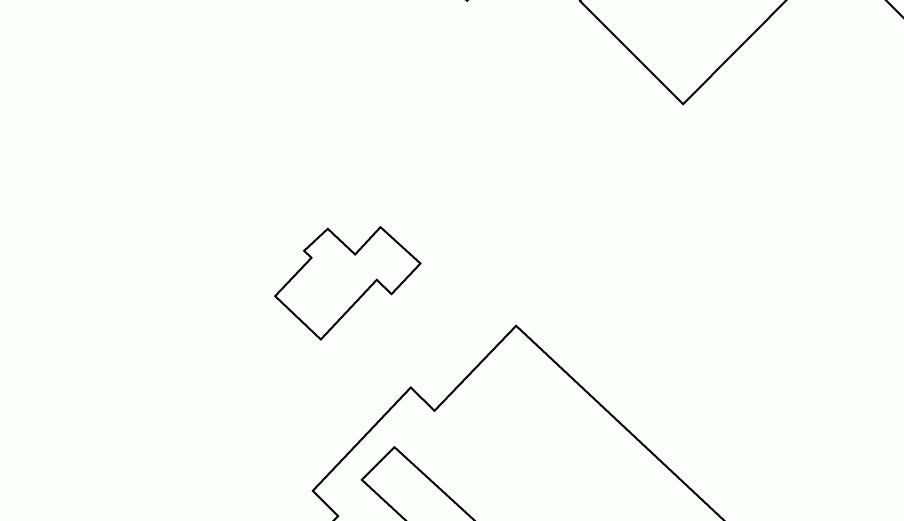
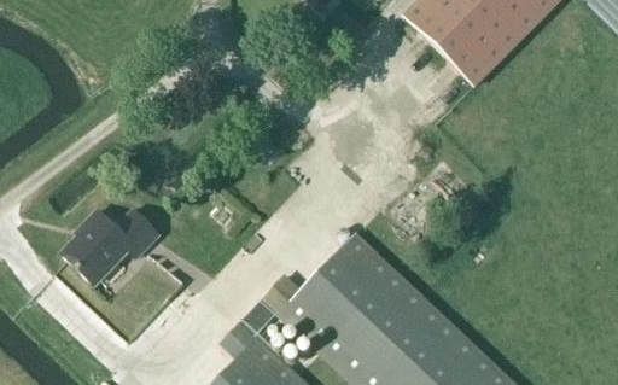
building: [275,227,421,340] -> [65,211,162,286]

